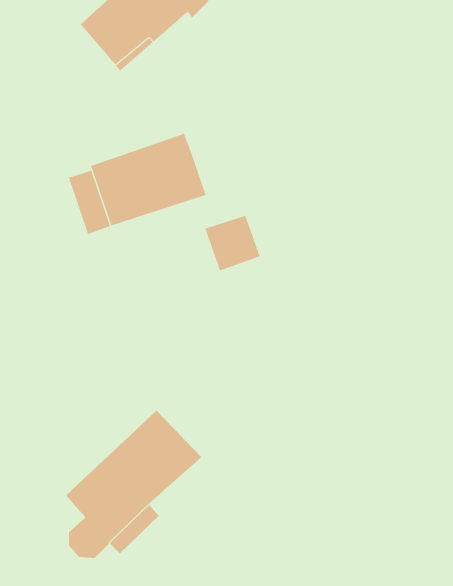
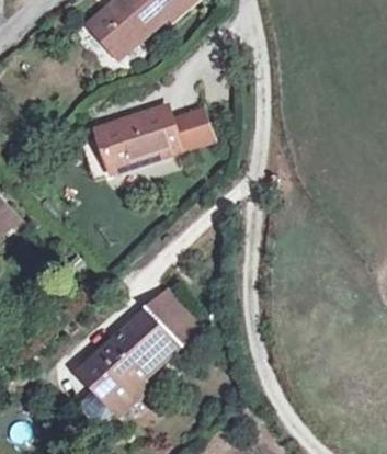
building: [205,215,261,271] -> [172,107,214,149]
building: none -> [144,287,202,347]

